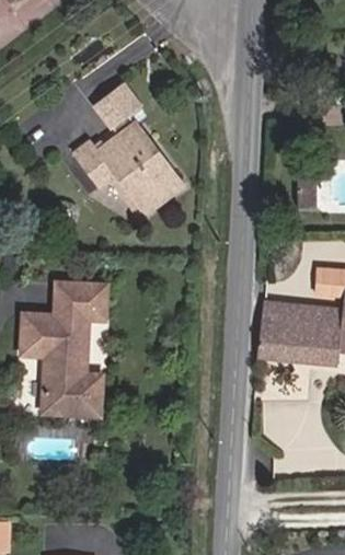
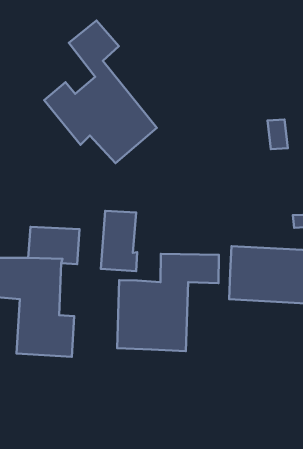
building: none -> [101,211,137,271]
building: none -> [117,254,219,351]

